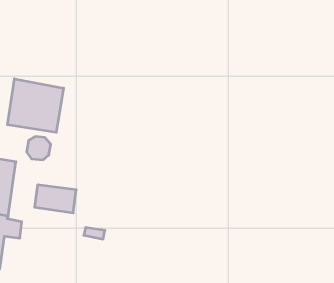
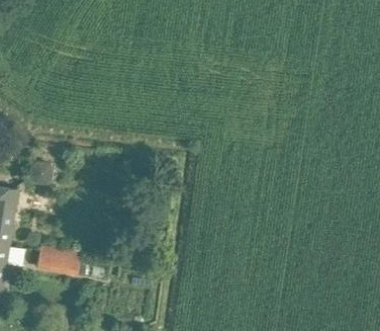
building: [7,79,64,132] -> none
building: [35,185,76,213] -> [38,247,82,276]

